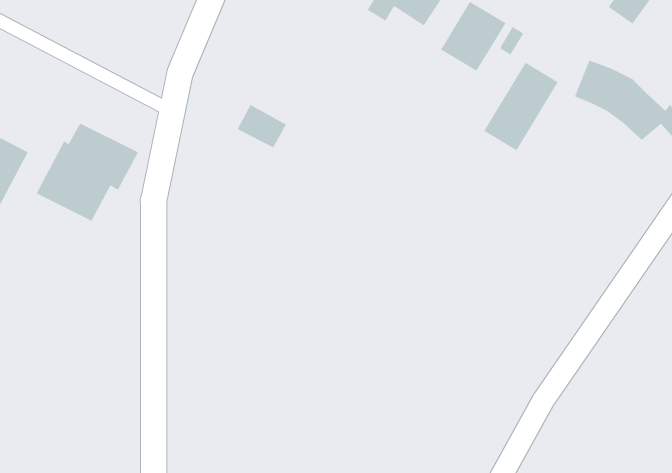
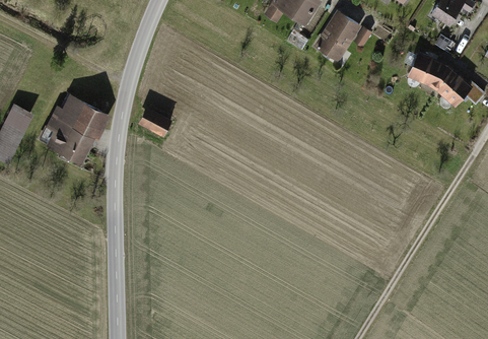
building: [484,62,559,151] -> none
building: [237,104,287,148] -> [134,108,168,138]

